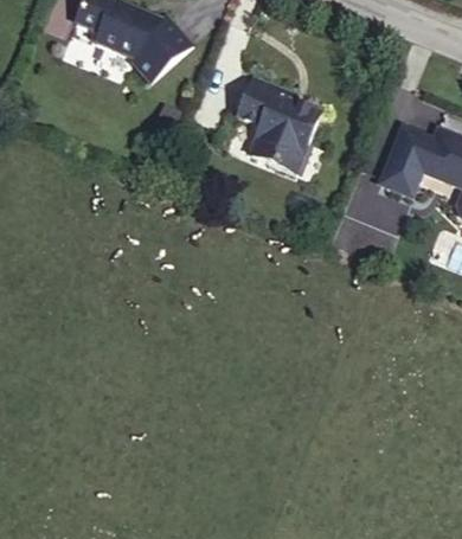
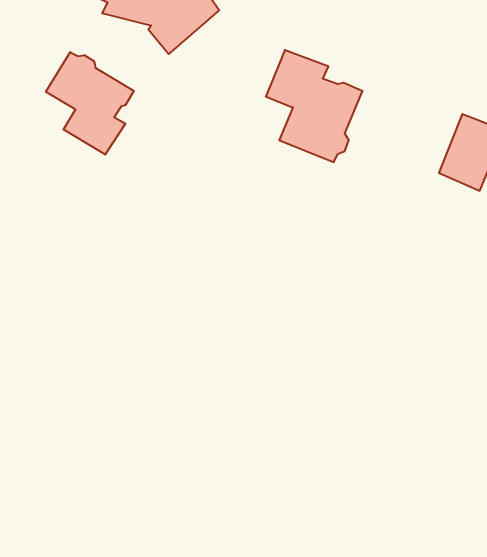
building: none -> [46,52,134,155]

